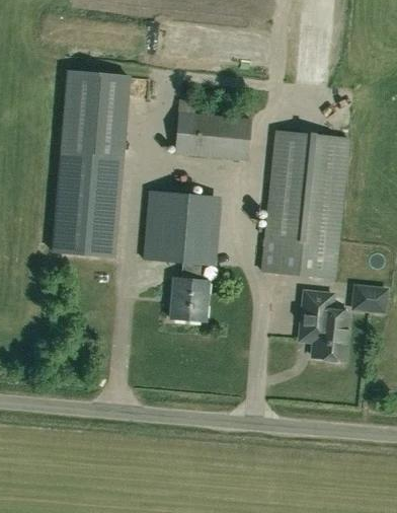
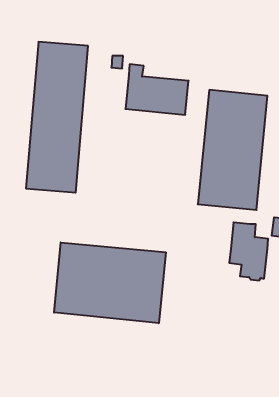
building: [143,191,222,321] -> none
building: none -> [54,242,166,323]

